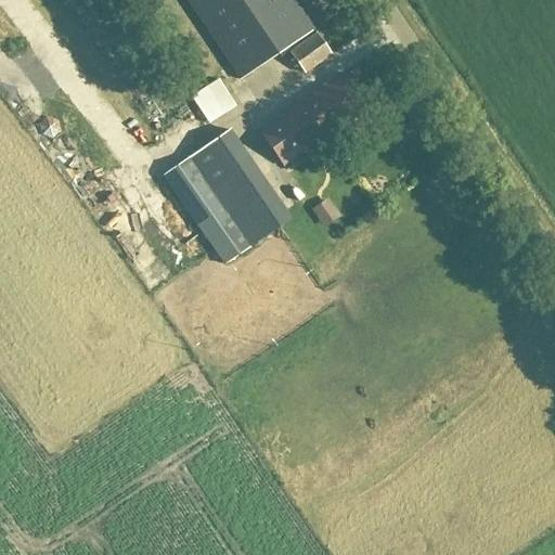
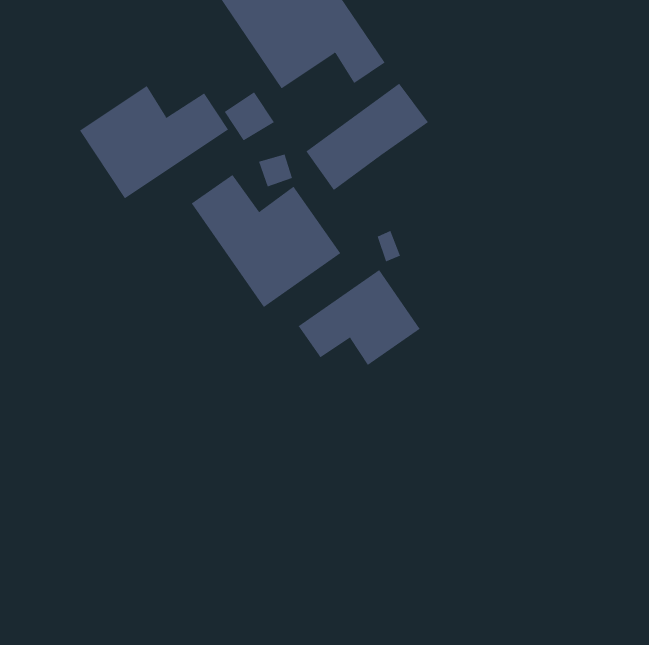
building: none -> [79,85,229,199]
building: none -> [298,269,421,366]

